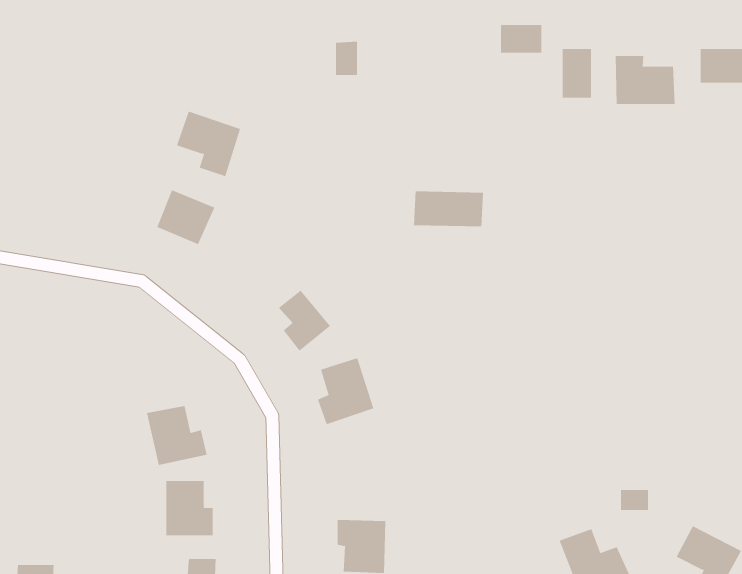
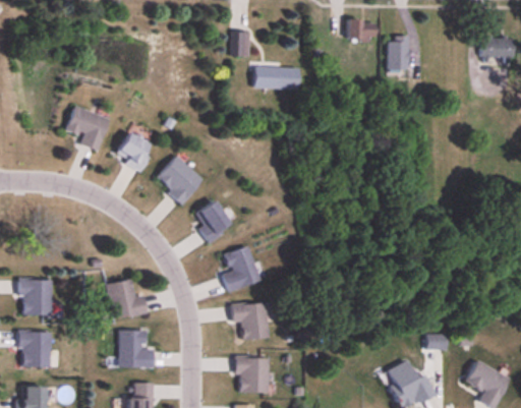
building: [615,55,675,105] -> none
building: [176,111,241,177] -> [64,106,108,151]
building: [413,191,484,227] -> [252,65,300,90]
building: none -> [156,155,204,203]
building: none -> [19,280,51,315]
building: none -> [231,303,269,339]
building: none -> [17,332,51,367]

